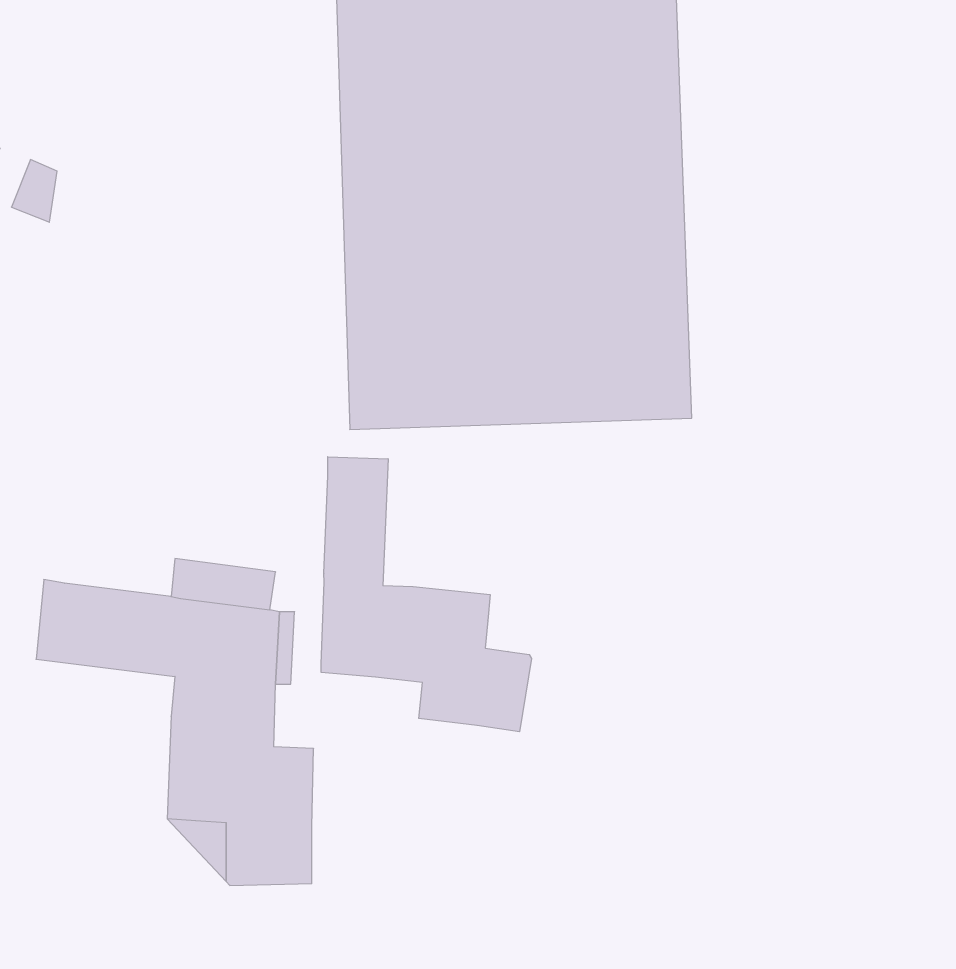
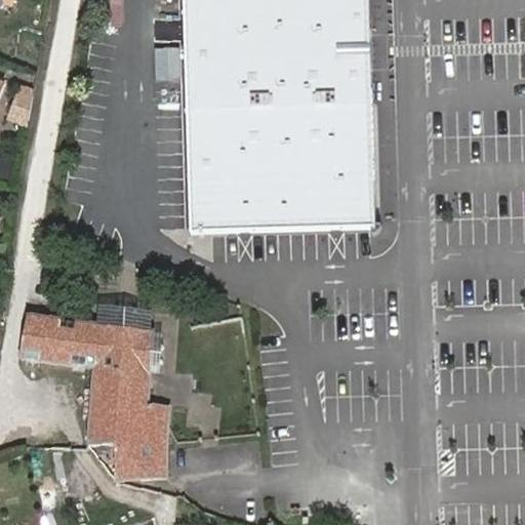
building: [321,457,532,732] -> none

